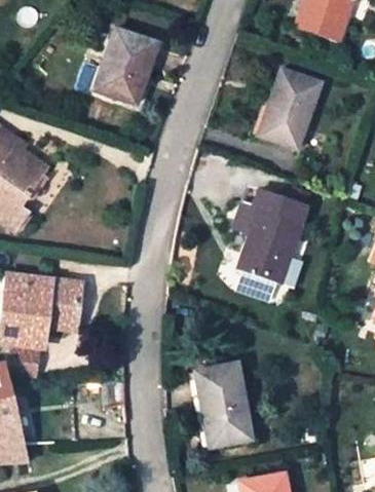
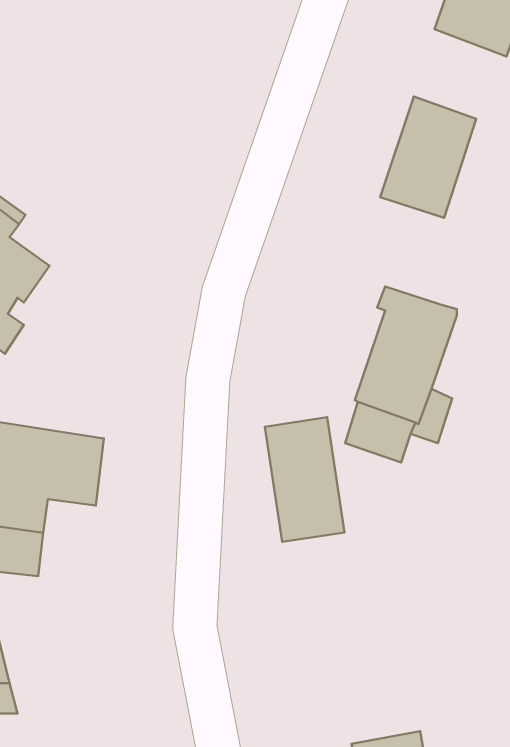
building: [95,32,157,105] -> none
building: [196,363,248,443] -> [265,417,345,542]

